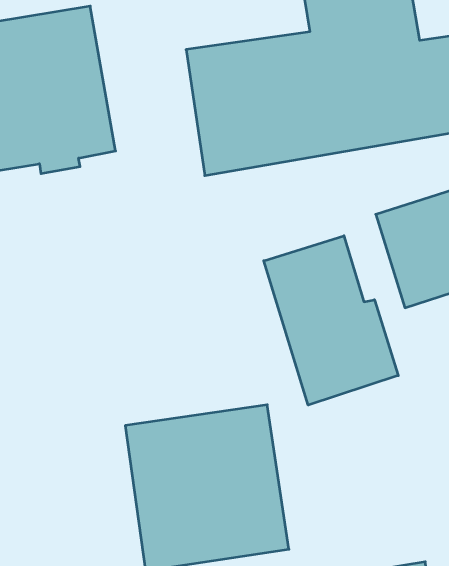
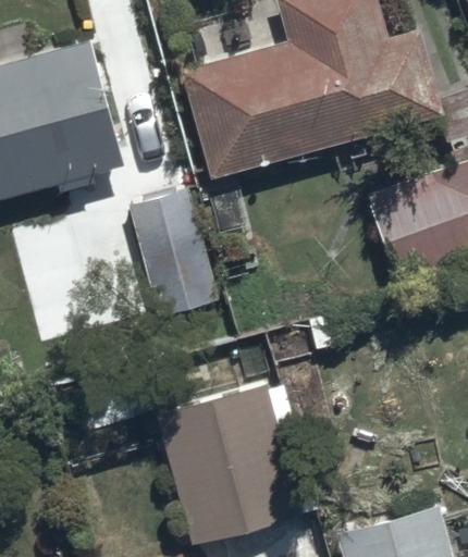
building: none -> [127,193,211,315]
building: [264,236,398,405] -> none

